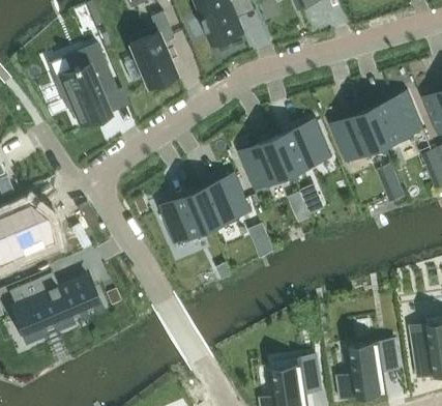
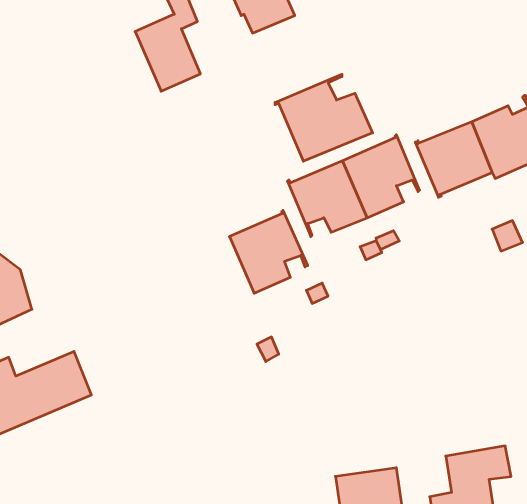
building: [54,42,116,124] -> none
building: none -> [275,74,373,161]
building: [156,191,213,244] -> none

